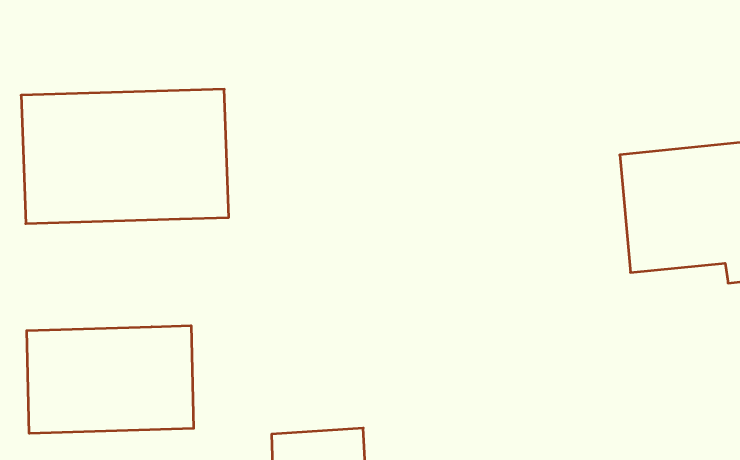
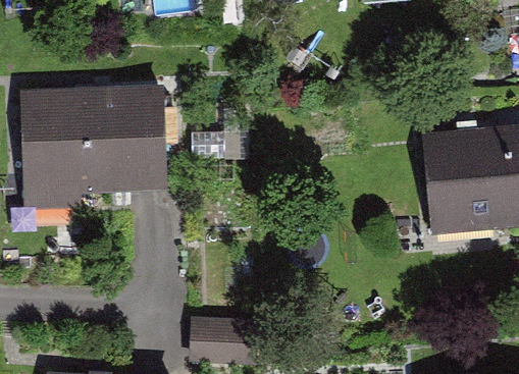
building: [27,326,194,433] -> none

